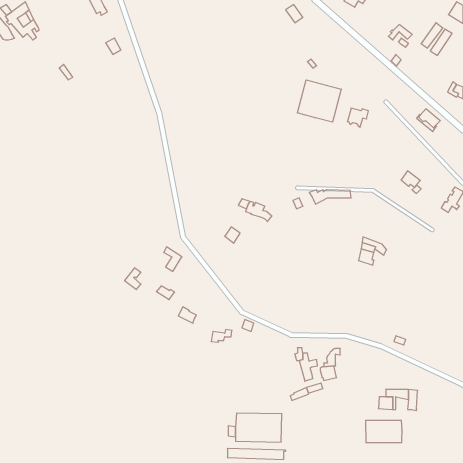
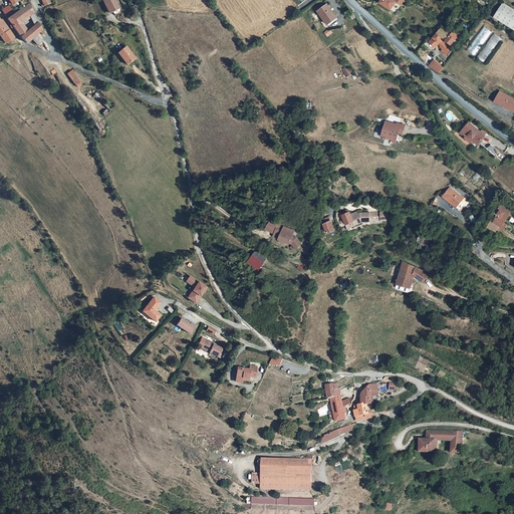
building: [297,80,341,122] -> none
building: [366,420,402,443] -> none

